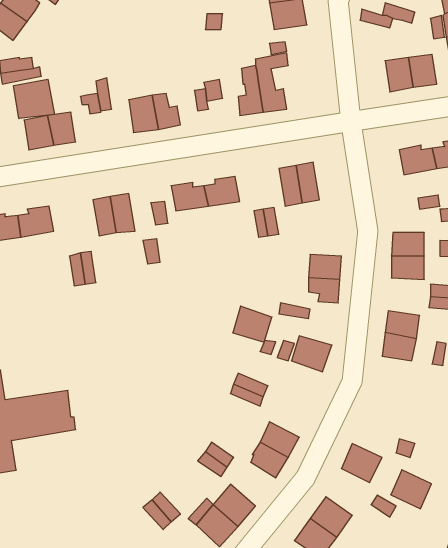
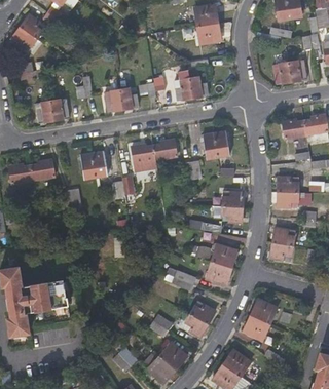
building: [14,79,55,119] -> none
building: [233,306,272,342] -> [206,261,231,284]
building: [391,470,431,509] -> [251,299,278,324]

